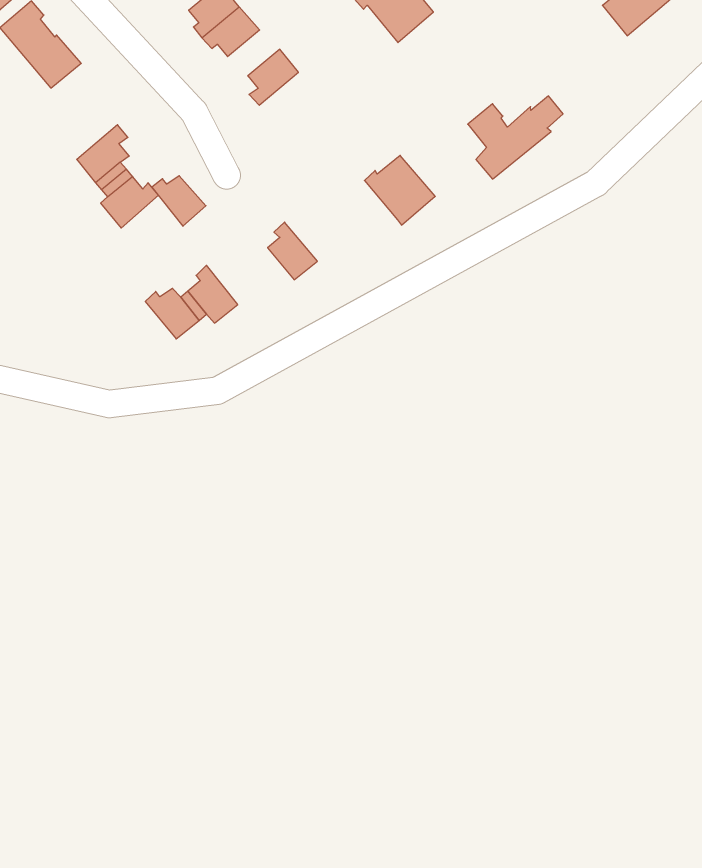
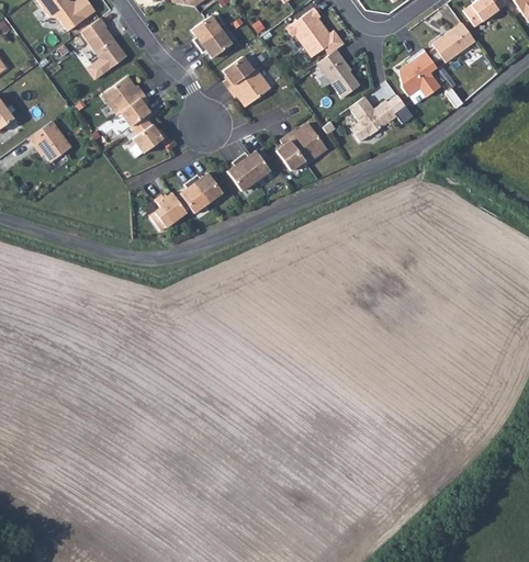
building: none -> [398,48,440,98]
building: none -> [316,49,359,98]
building: none -> [228,68,270,106]
building: none -> [103,76,145,114]
building: [152,176,206,226] -> [191,173,222,203]
building: none -> [275,136,304,171]
building: none -> [238,150,270,181]

